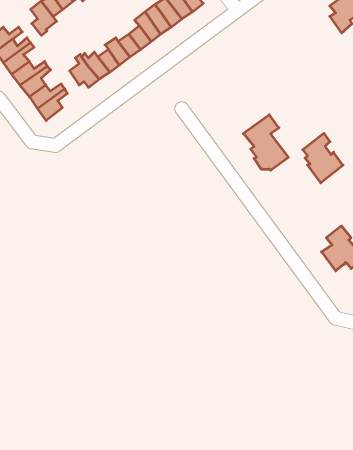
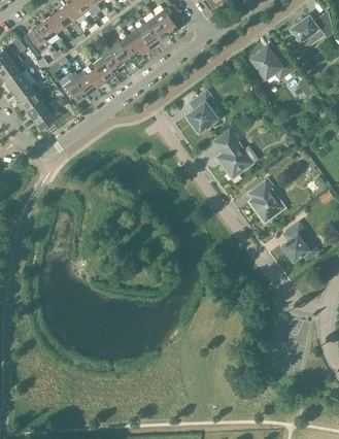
building: none -> [250,46,295,79]
building: none -> [187,91,217,134]
building: [303,133,343,183] -> [249,179,284,223]

